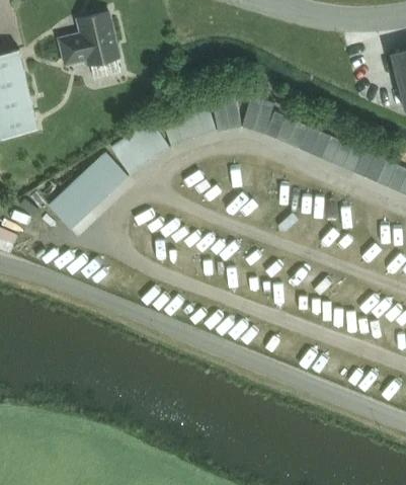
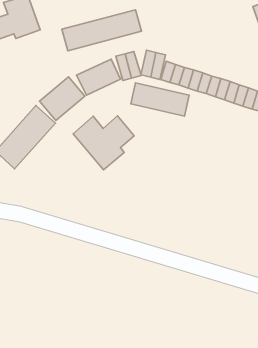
building: none -> [62,10,141,51]
building: none -> [131,83,189,116]
building: none -> [73,116,134,170]

